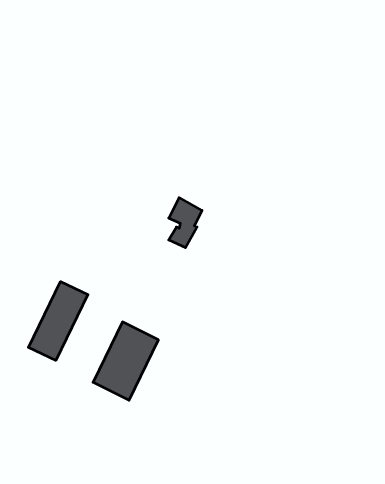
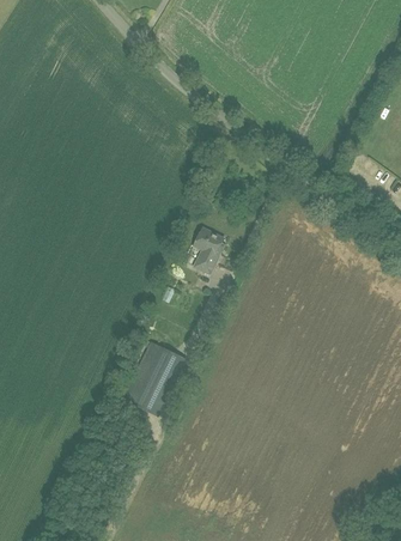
building: [28,282,88,360] -> none

